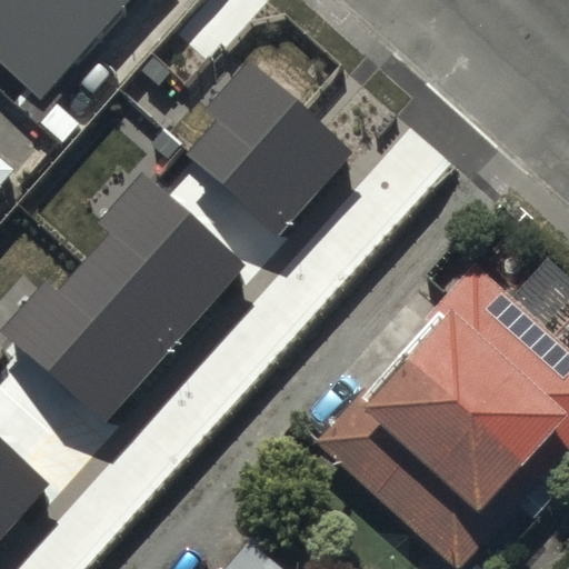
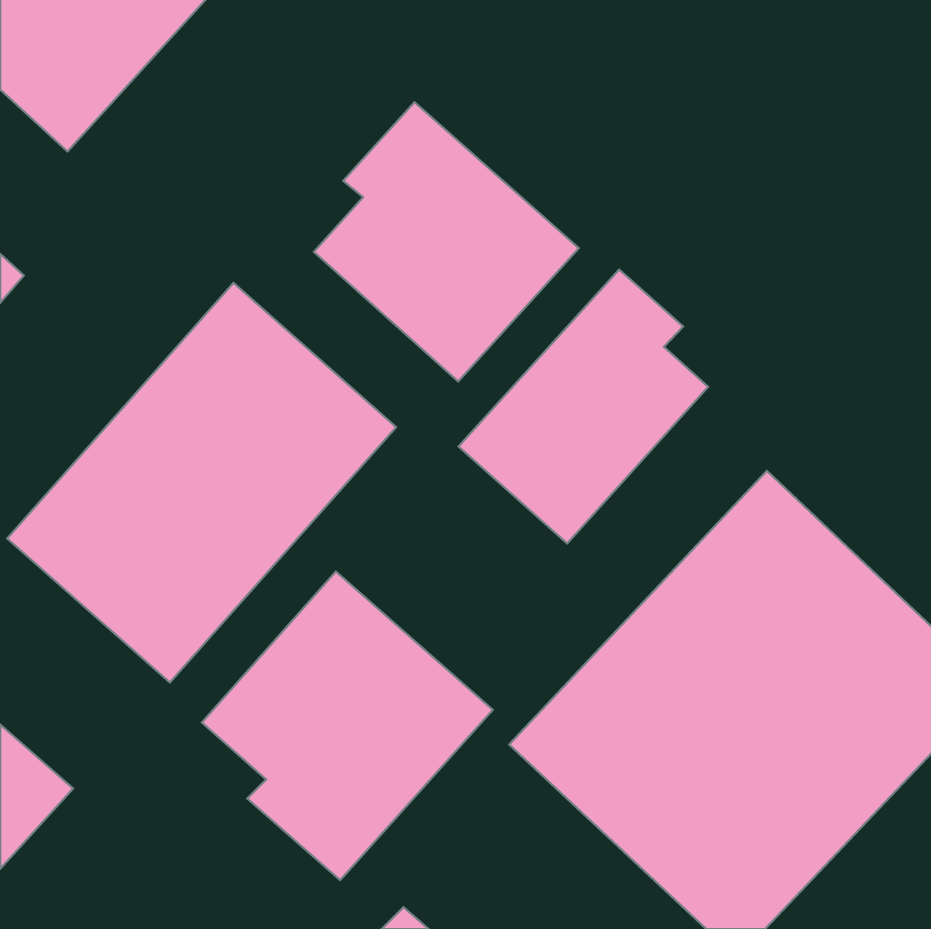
building: none -> [459,269,708,543]
building: none -> [202,571,493,880]

